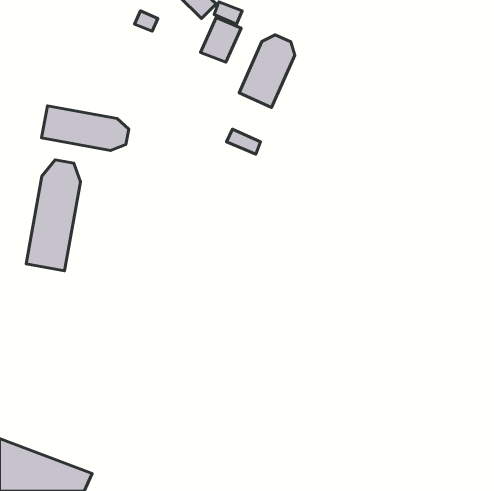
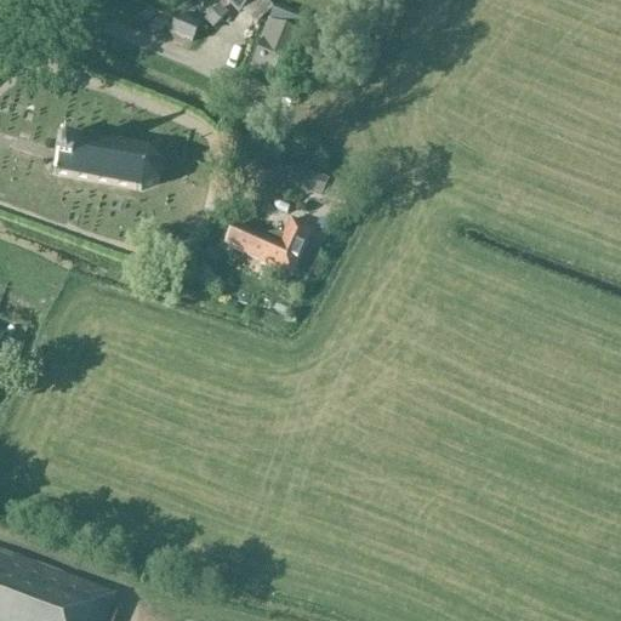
building: [239,35,295,107] -> none
building: [26,160,81,271] -> none
building: none -> [223,216,312,273]

